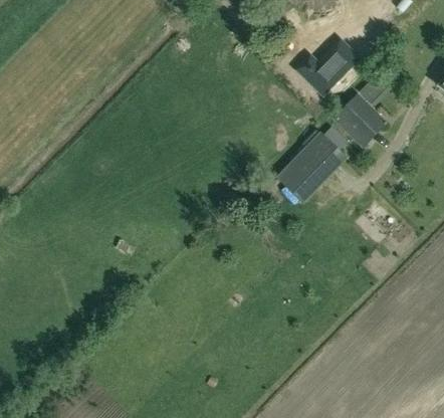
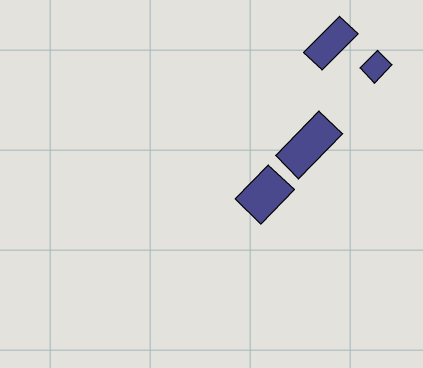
building: [336,93,387,145] -> none
building: none -> [235,165,294,224]

